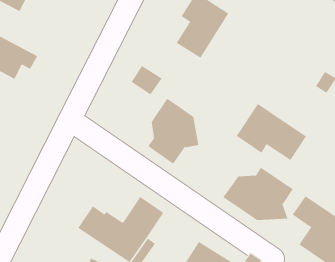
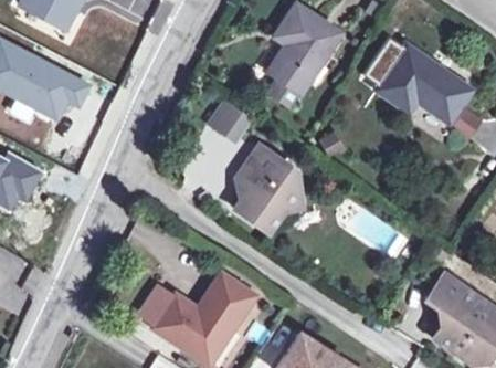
building: [236,103,307,161] -> [376,44,469,120]
building: [222,167,294,221] -> none

